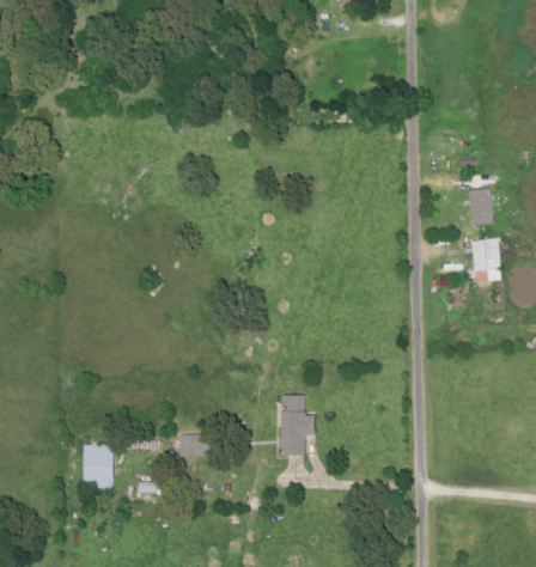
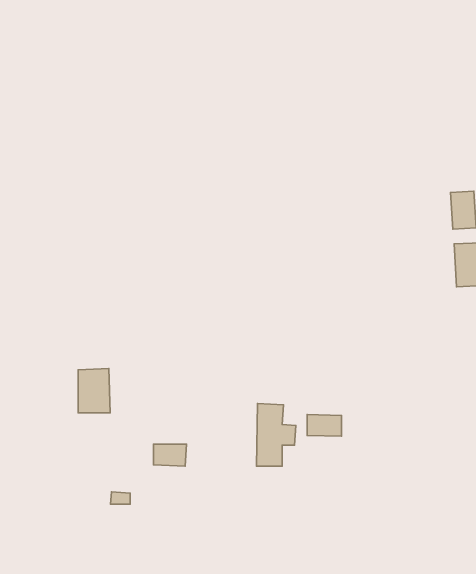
building: none -> [307,415,342,436]
building: [83,444,114,487] -> [78,369,110,413]

